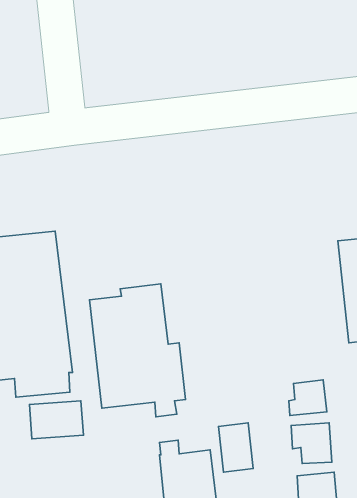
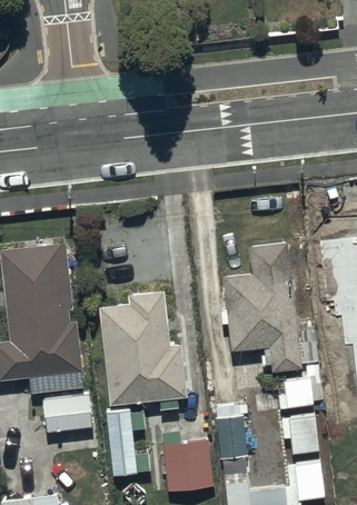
building: none -> [220,241,318,372]
building: none -> [106,409,150,475]

